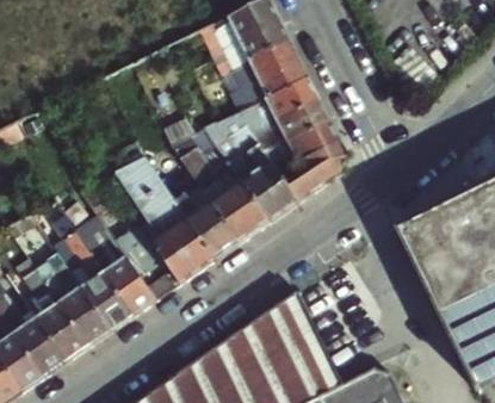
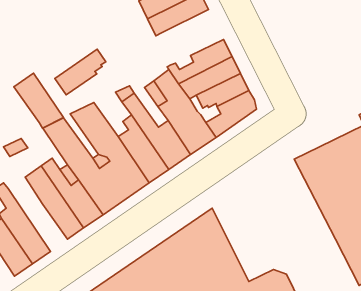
building: [229,41,308,111] -> none
building: none -> [55,49,106,95]
building: none -> [14,73,63,128]
building: [35,260,110,347] -> none

